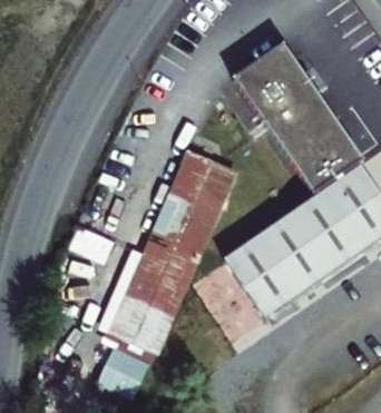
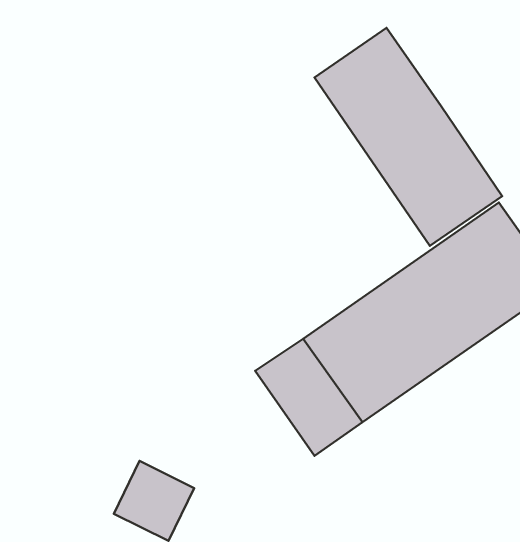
building: [110,147,236,343] -> none

